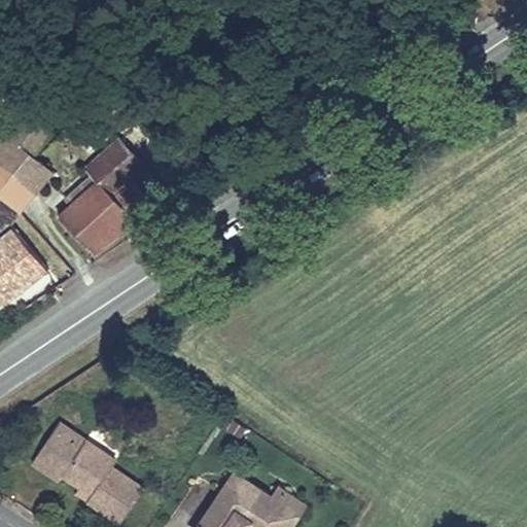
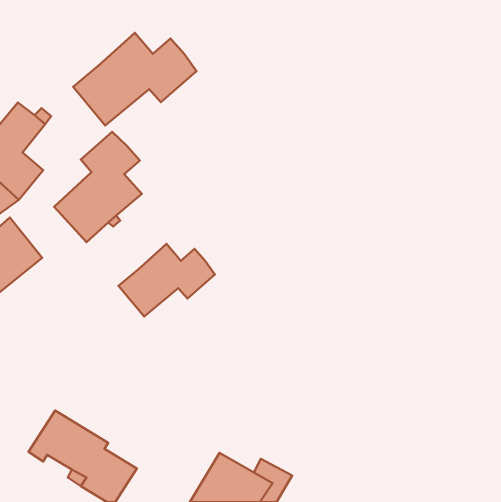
building: none -> [73,33,196,126]
building: none -> [119,244,215,317]

